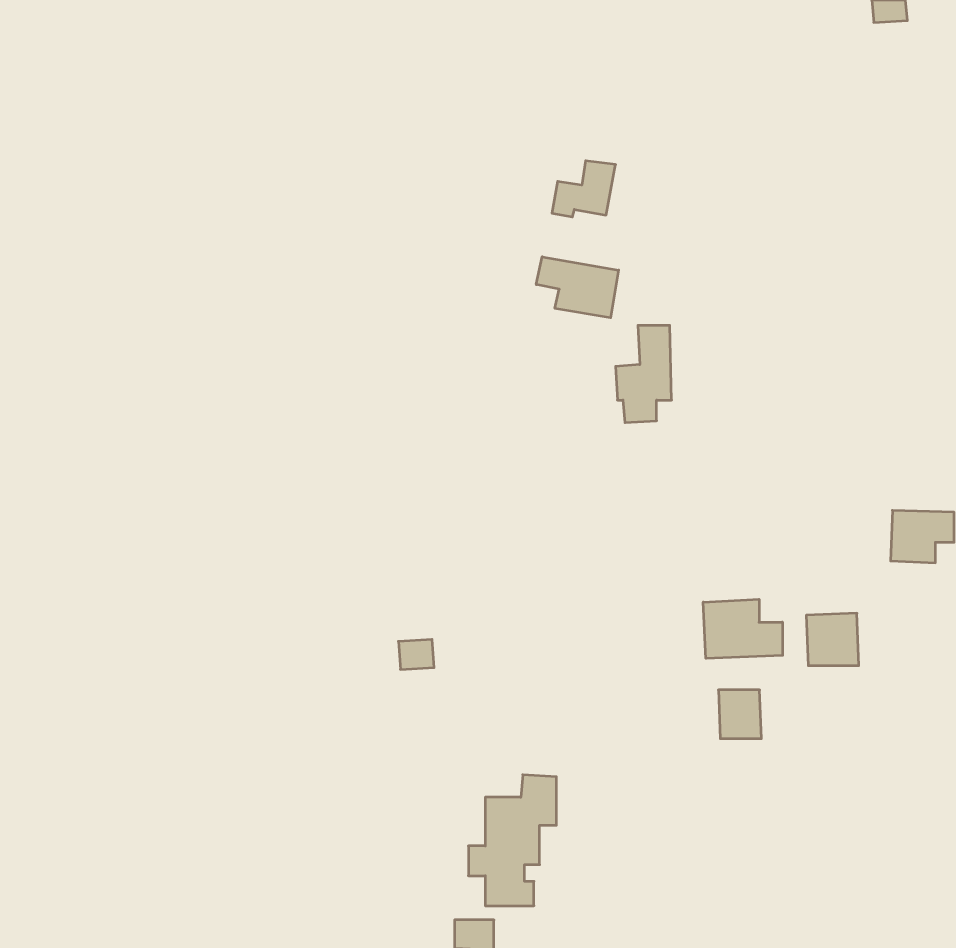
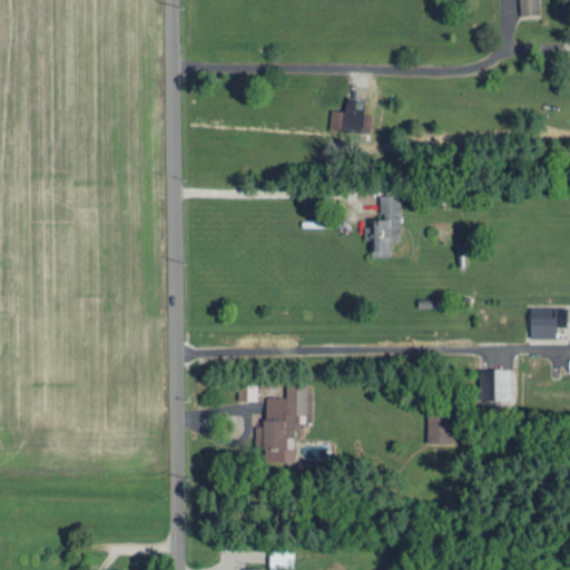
building: [536,257,619,318] -> none
building: [703,599,783,658] -> none
building: [468,775,556,906] -> [255,385,307,463]

